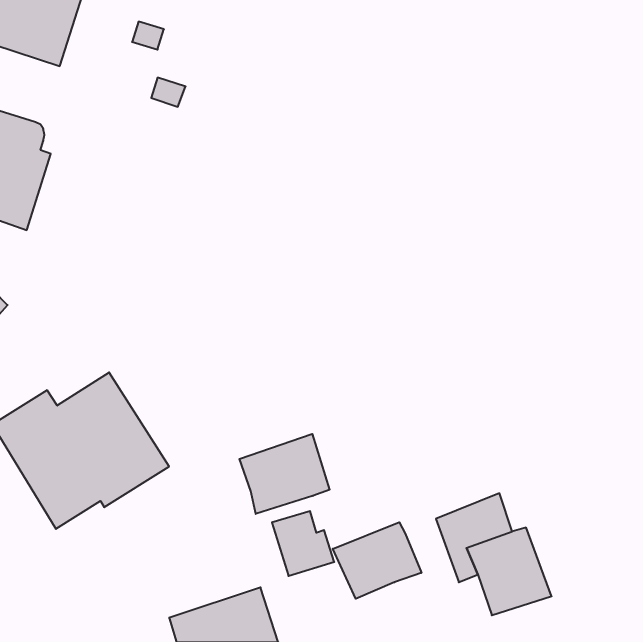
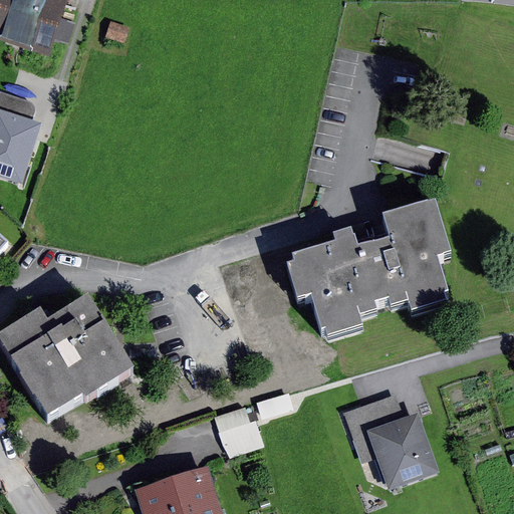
building: none -> [285,200,451,336]
building: [239,434,330,514] -> none
building: [333,522,421,599] -> none

